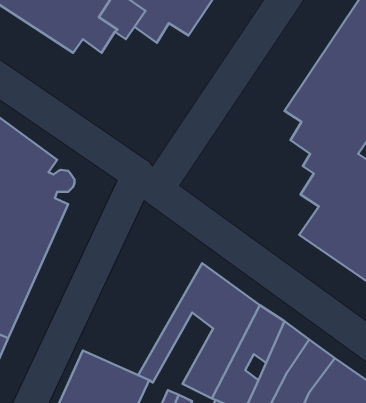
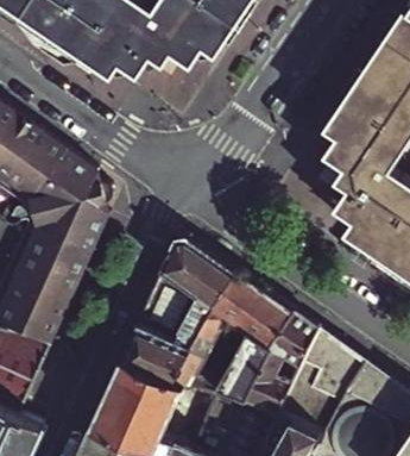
building: none -> [122,239,238,385]

